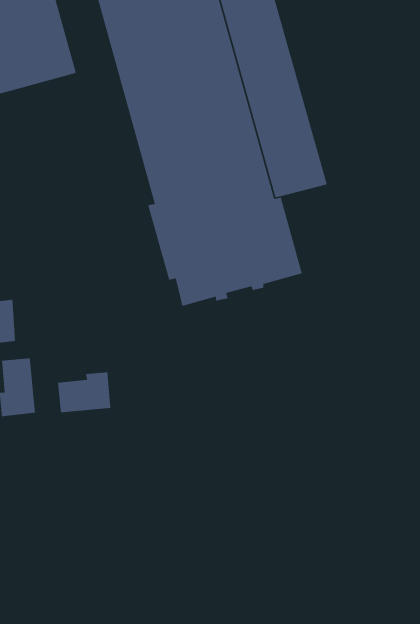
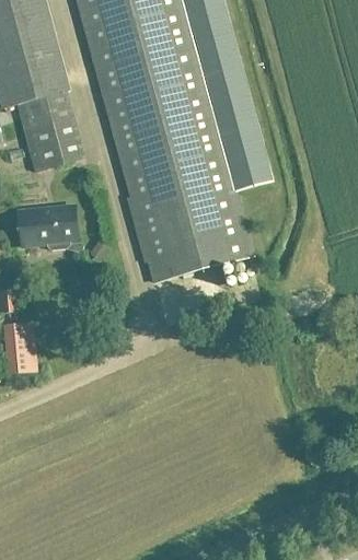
building: none -> [16,91,82,171]
building: none -> [16,205,77,249]
building: [57,372,111,413] -> none

